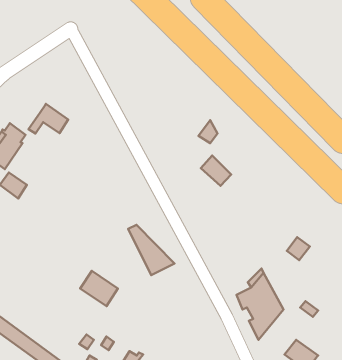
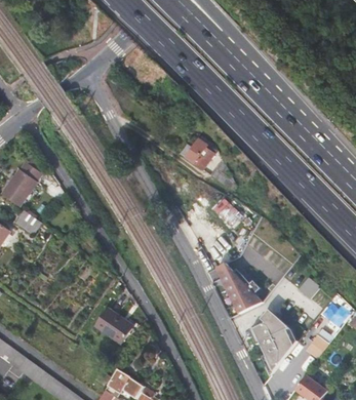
building: none -> [181,138,215,169]
building: [29,104,68,133] -> none
building: [128,225,174,275] -> [216,265,262,314]

